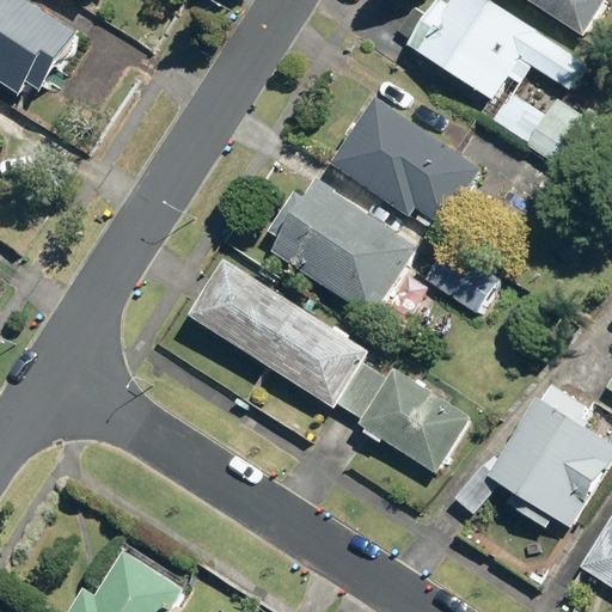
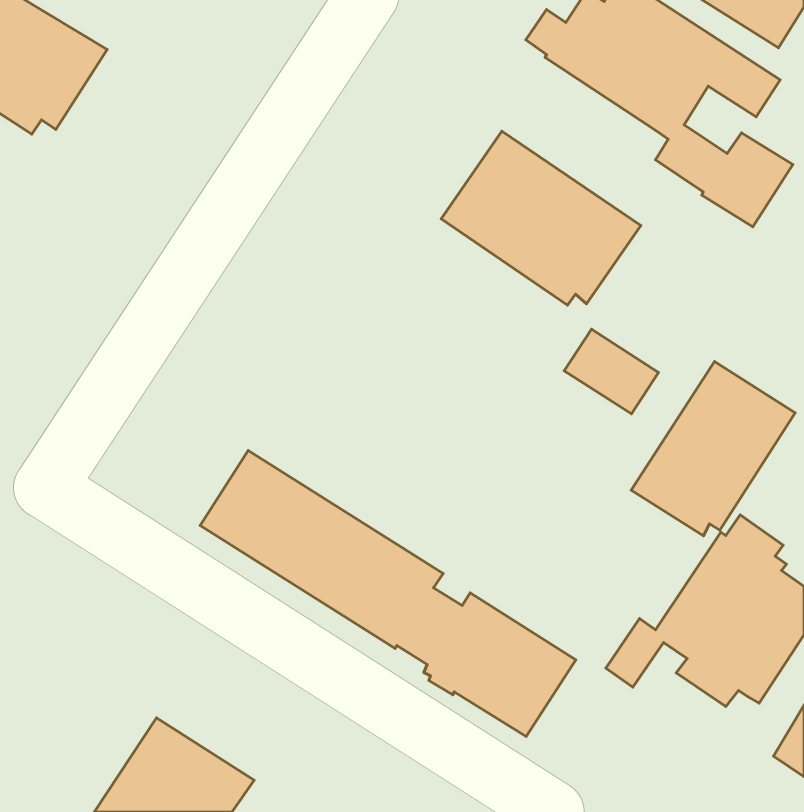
building: [267,183,417,318] -> none
building: [190,261,471,475] -> [200,450,576,737]
building: none -> [631,362,795,536]

